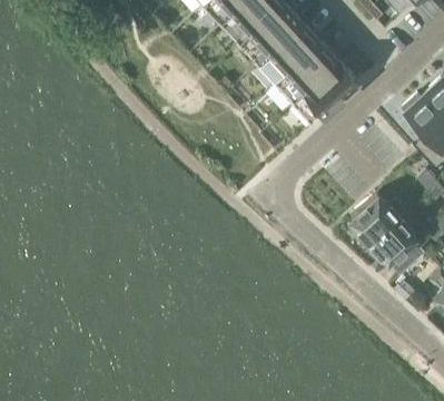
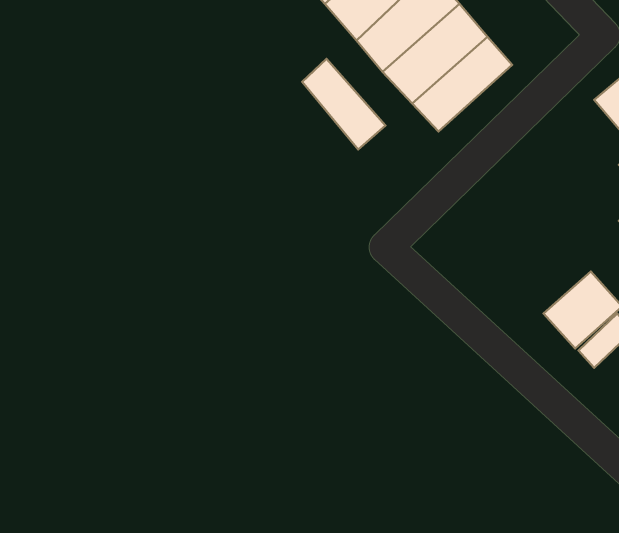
building: none -> [302,59,386,150]
building: [353,188,402,237] -> none

